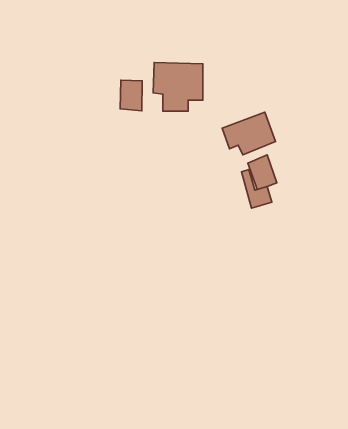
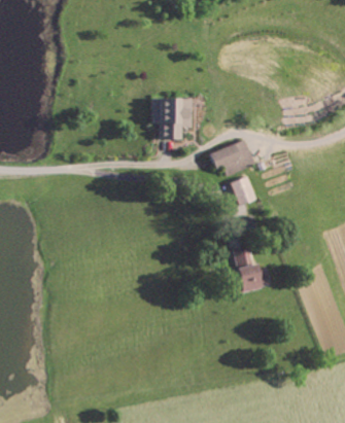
building: [120,80,142,111] -> none
building: none -> [235,248,273,291]

